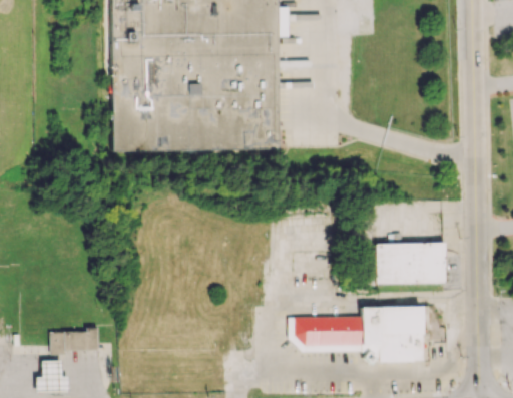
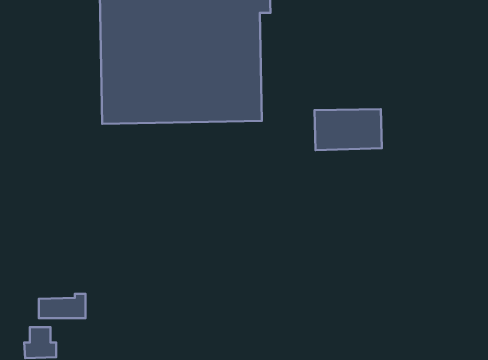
building: [375,242,444,284] -> [314,109,382,150]
building: [290,305,422,361] -> none

